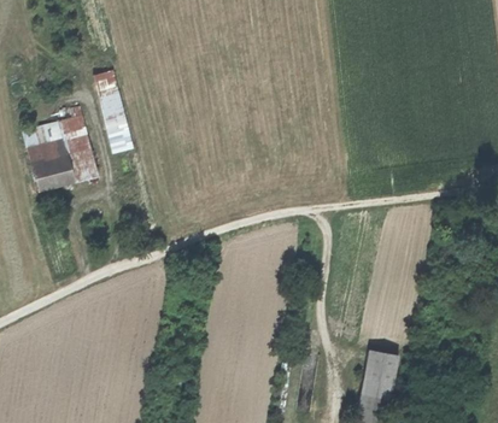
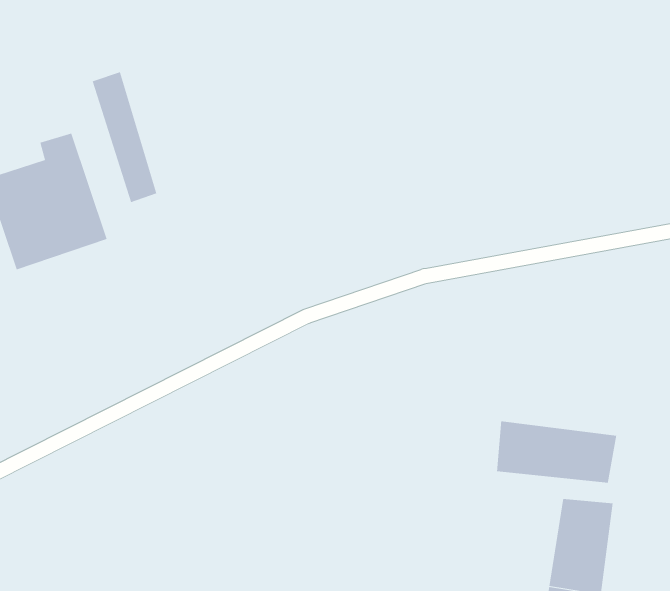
building: none -> [496,420,617,484]

